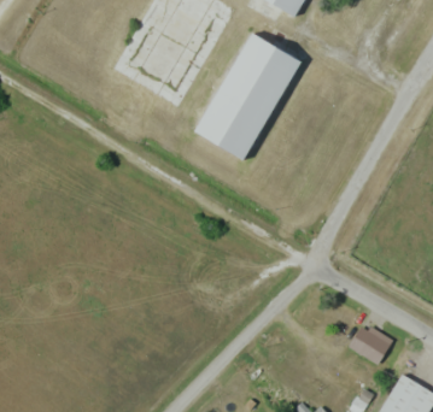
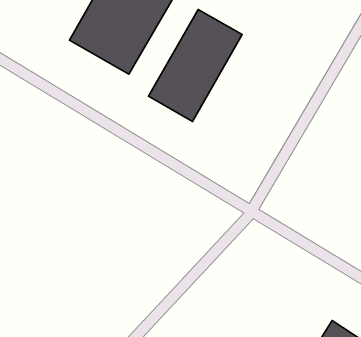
building: [346,320,390,360] -> none

